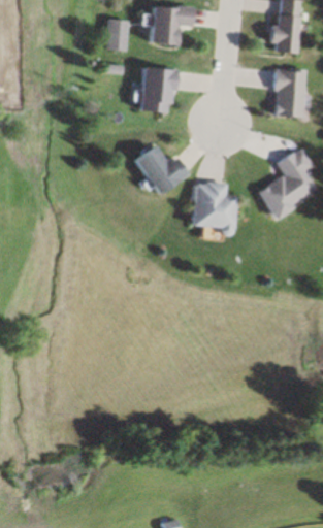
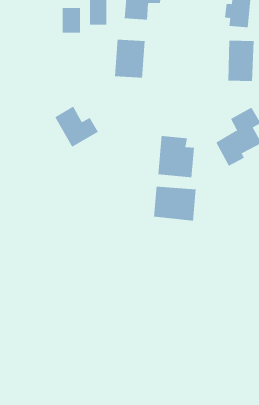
building: none -> [62,7,81,34]
building: [133,144,186,194] -> [55,106,99,147]
building: none -> [153,186,196,221]

